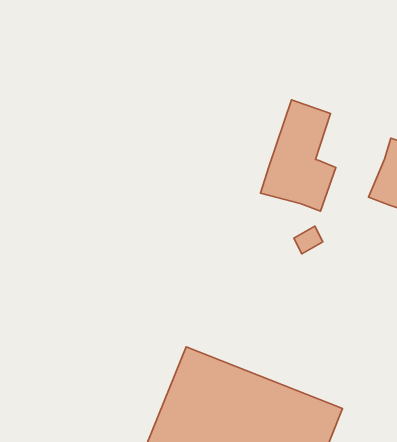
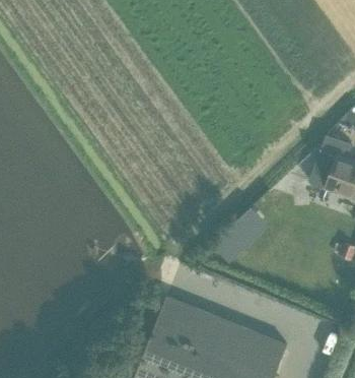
building: [260,100,336,211] -> none

